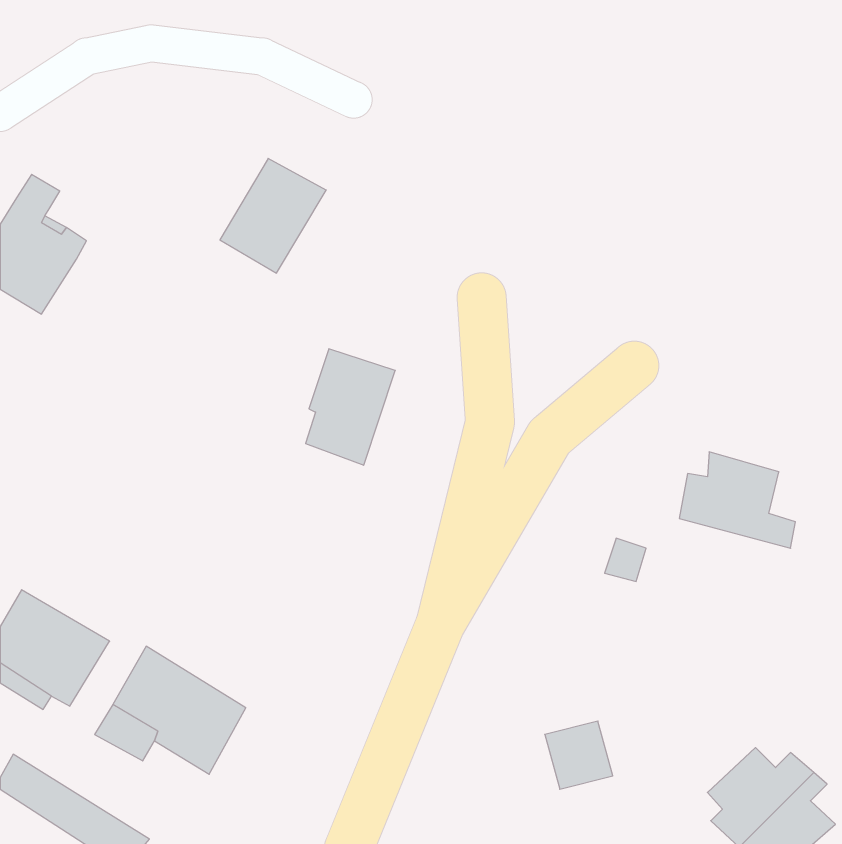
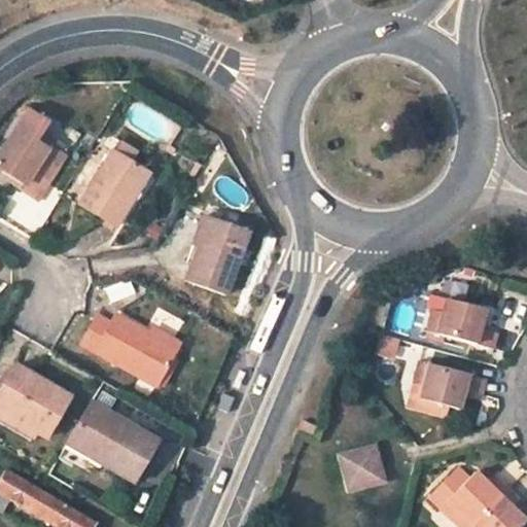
building: [220,158,326,273] -> [73,150,139,221]
building: none -> [83,314,182,388]
building: none -> [410,349,484,406]

